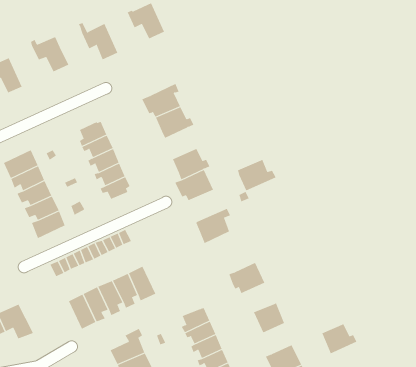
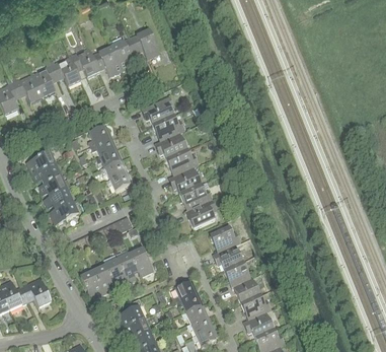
building: none -> [110,38,135,71]
building: none -> [67,49,99,78]
building: none -> [31,65,56,99]
building: none -> [155,133,186,159]
building: [237,159,276,191] -> [179,185,212,211]
building: none -> [210,226,240,253]
building: none -> [223,262,250,287]
building: [322,323,357,354] -> [241,295,271,321]

